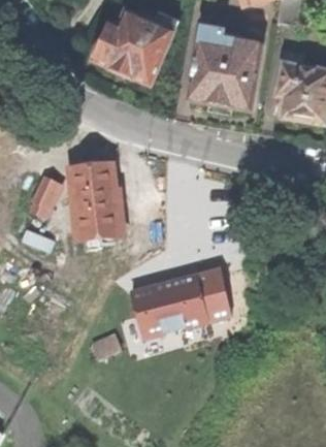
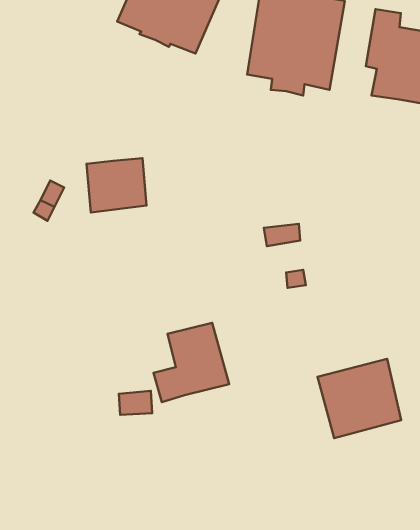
building: [74,195,119,244] -> none
building: [164,268,226,327] -> [317,359,401,438]

